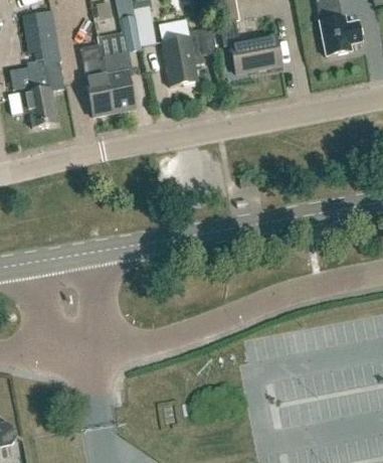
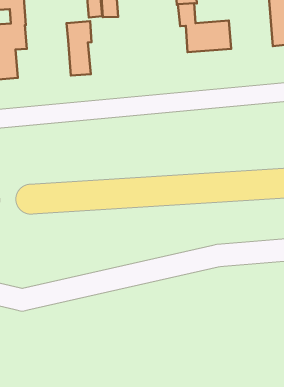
building: [161,26,216,86] -> none
building: [79,43,114,116] -> none

